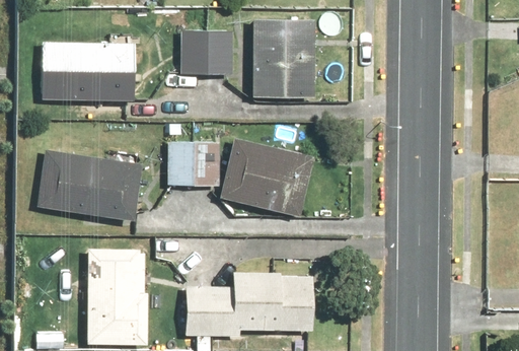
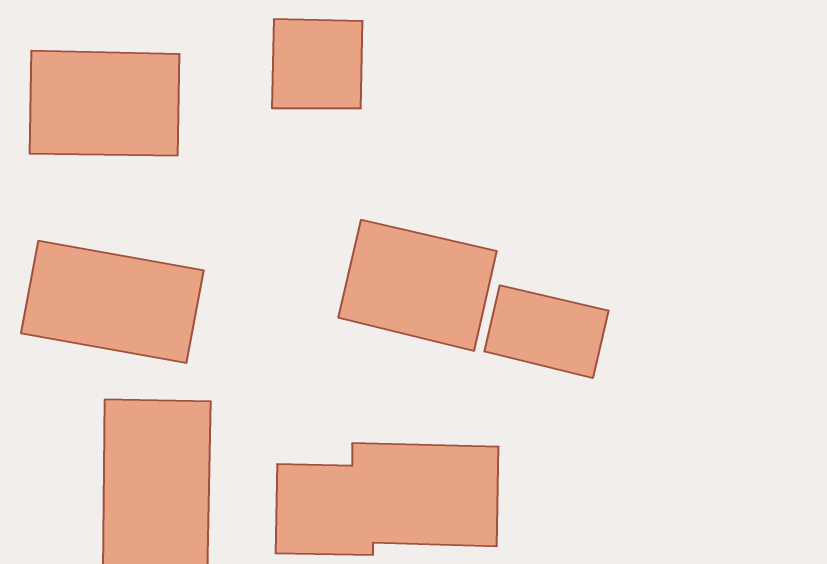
building: [249,21,319,99] -> none
building: [166,143,221,186] -> none
building: none -> [485,285,608,378]

